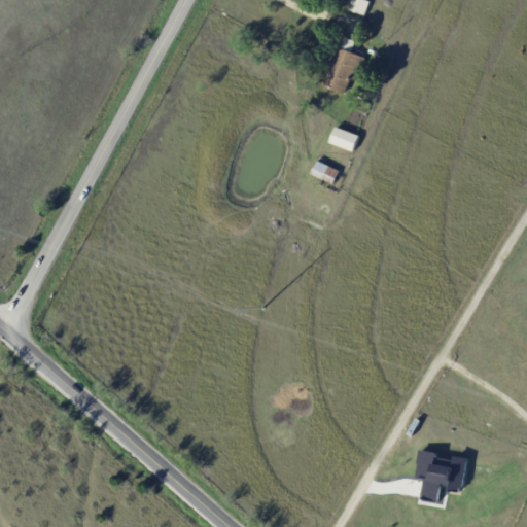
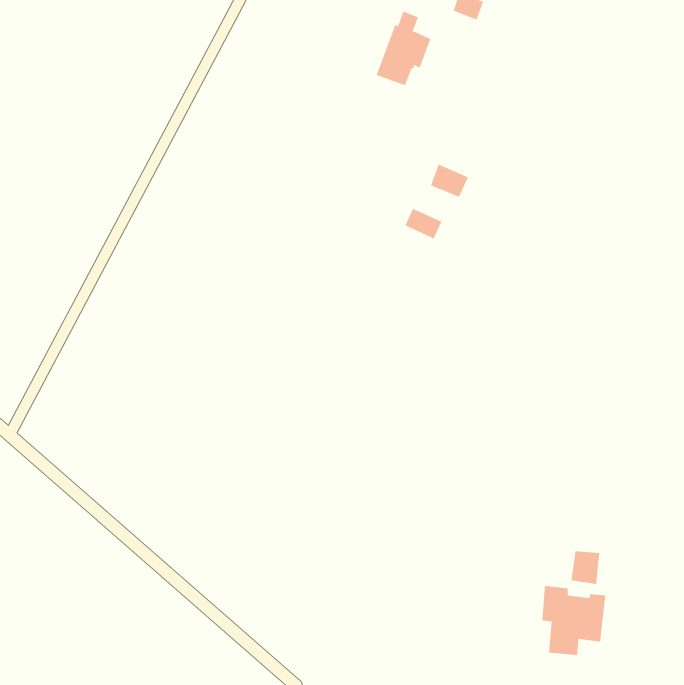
building: [323,36,365,94] -> [376,11,431,86]
building: none -> [571,550,600,585]

